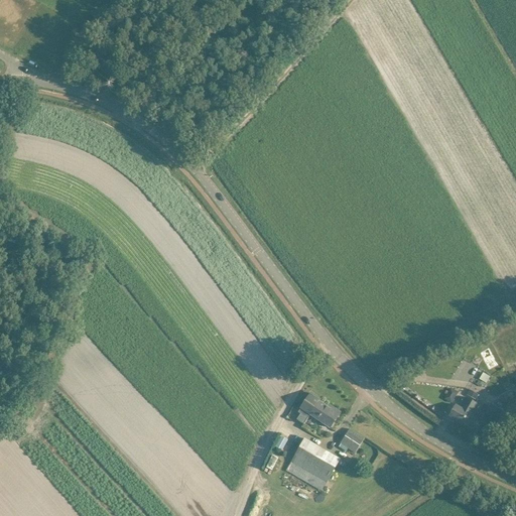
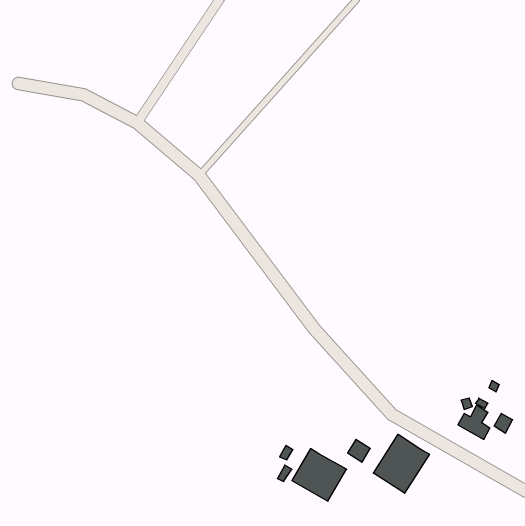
building: [295,393,339,427] -> none
building: none -> [373,434,429,493]

